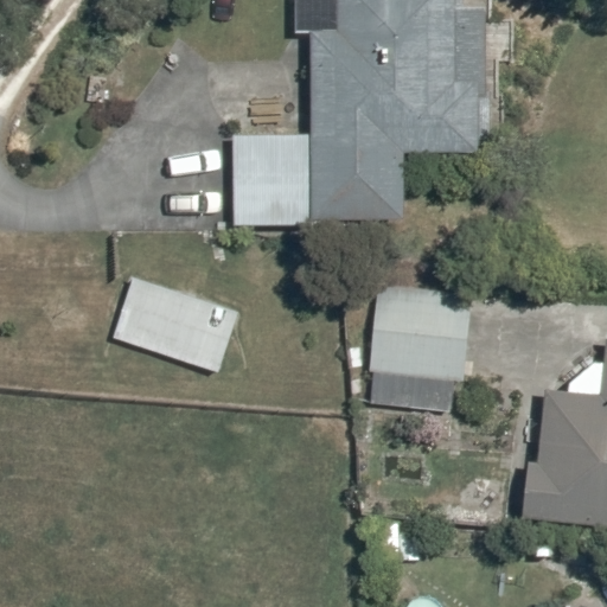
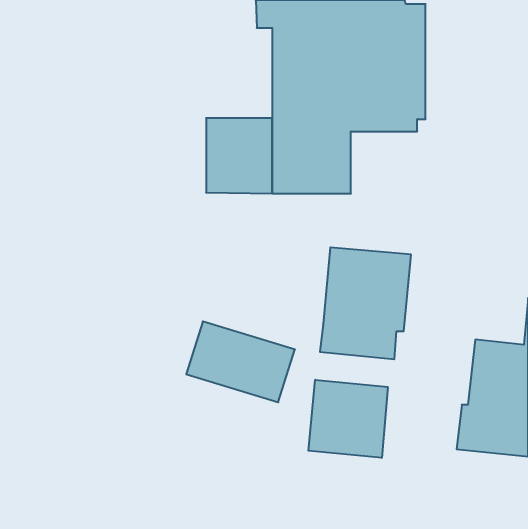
building: [114,276,238,369] -> [186,321,295,402]
building: none -> [308,380,388,458]

